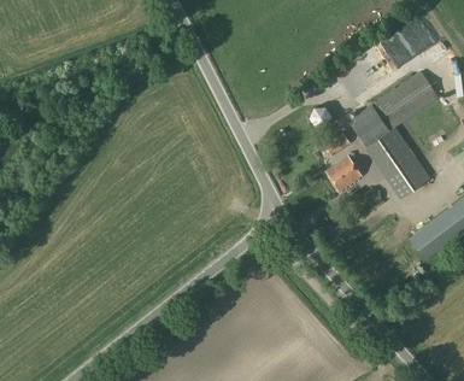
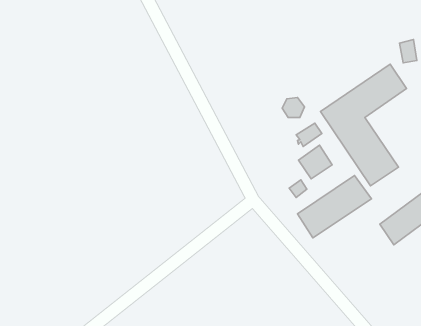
building: [369,14,433,75] -> none
building: none -> [297,176,371,238]

